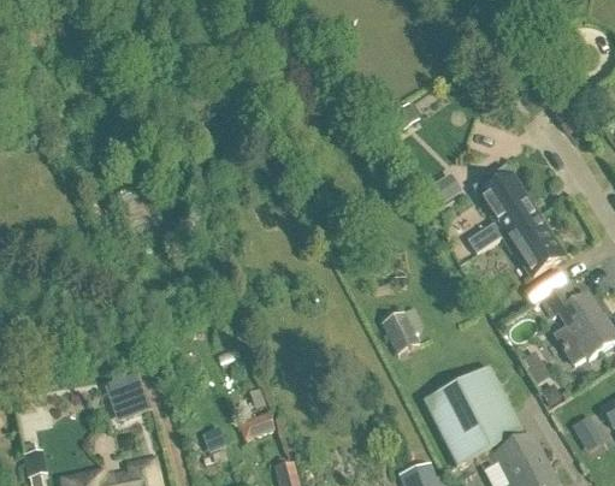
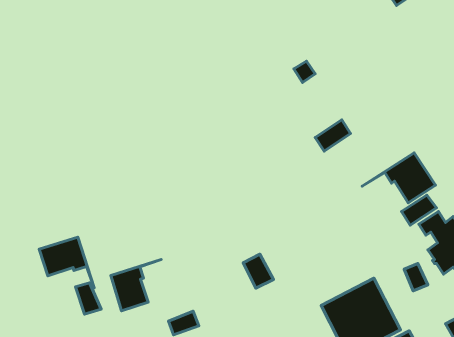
building: [465,165,538,255] -> none
building: [382,312,419,354] -> [243,254,274,288]
building: none -> [39,237,94,288]
building: none -> [111,259,161,311]

